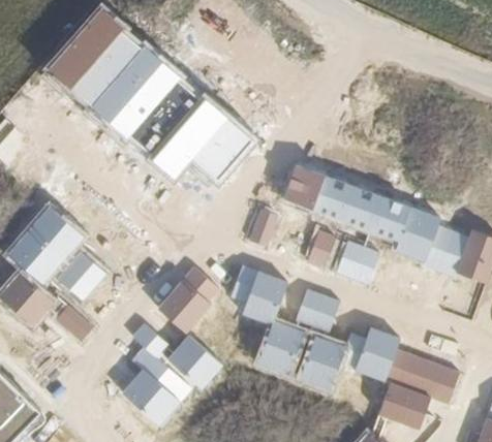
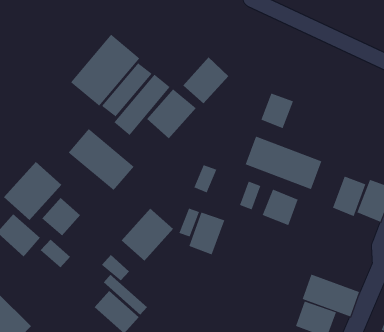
building: [49,8,143,104] -> none
building: none -> [183,56,229,104]
building: [282,163,325,209] -> [260,93,294,129]
building: none -> [68,128,134,191]
building: [396,208,440,261] -> none
building: [296,289,341,334] -> none
building: [258,320,303,374] -> none
building: [353,326,400,382] -> none
building: [166,335,222,389] -> none
building: [299,336,343,390] -> none

